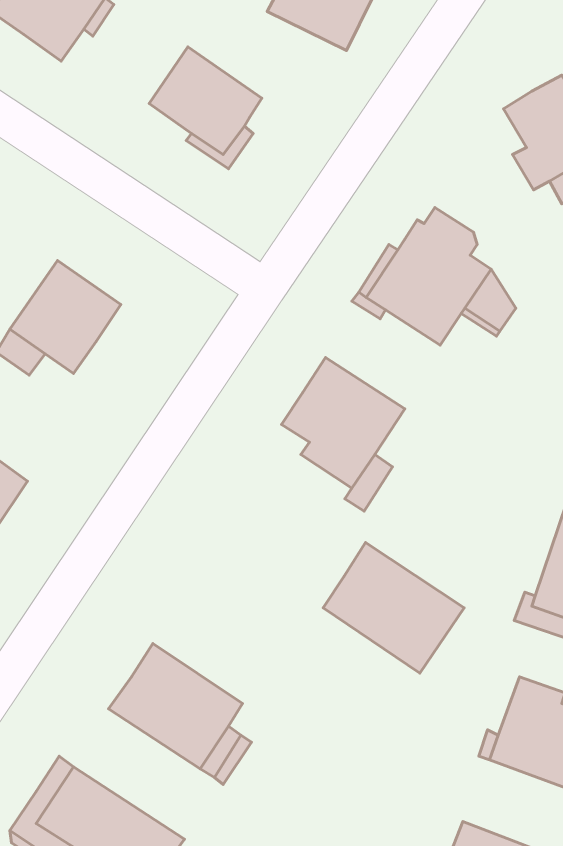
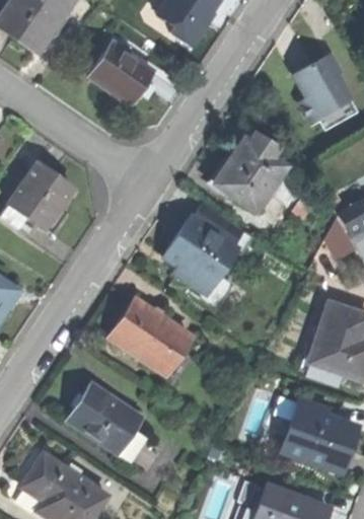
building: [323,543,464,673] -> [112,301,193,376]

